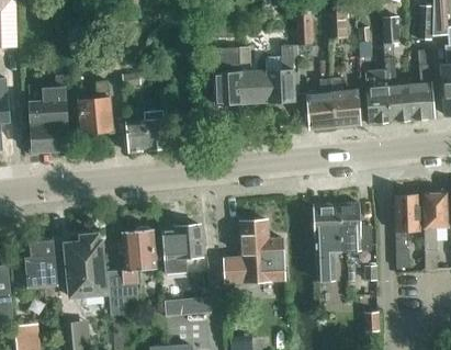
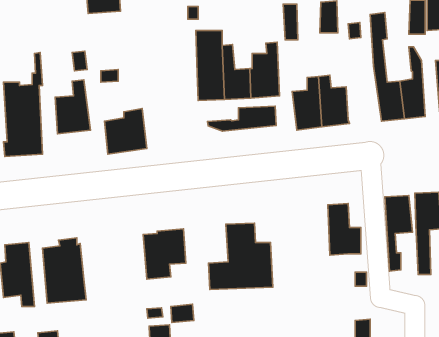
building: [363,69,391,123] -> none
building: none -> [208,106,276,131]
building: [313,202,341,280] -> none
building: [108,227,157,316] -> none

